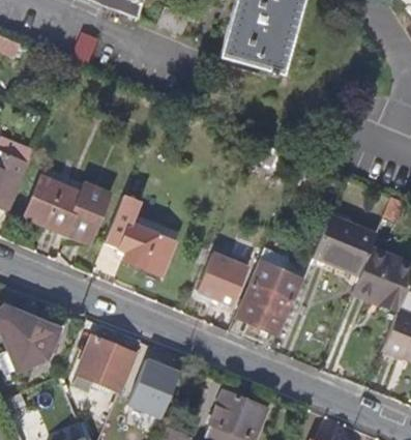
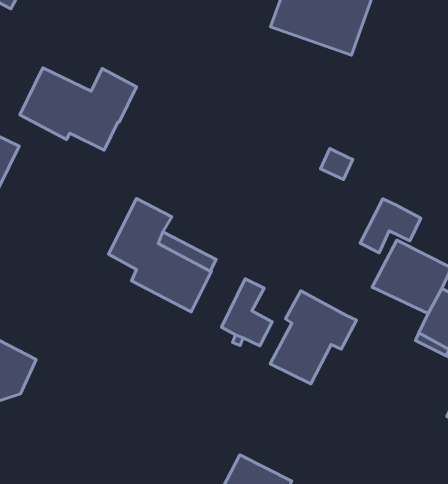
building: [26,175,116,239] -> [20,68,136,150]
building: none -> [360,199,421,253]
building: [79,339,134,391] -> none
building: [129,359,180,414] -> none

